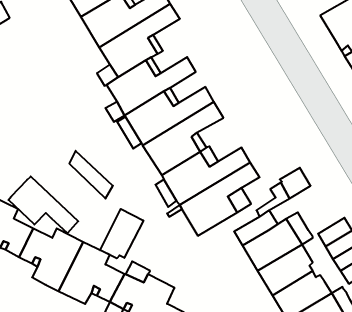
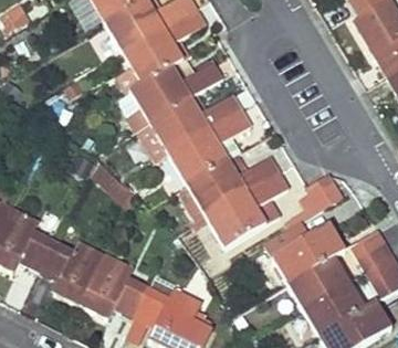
building: [8,176,78,233] -> none
building: [100,209,143,258] -> none

